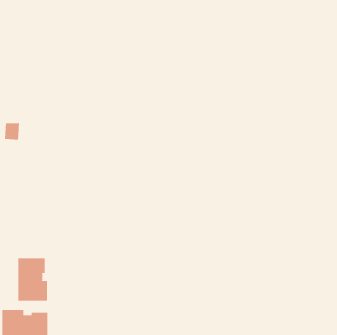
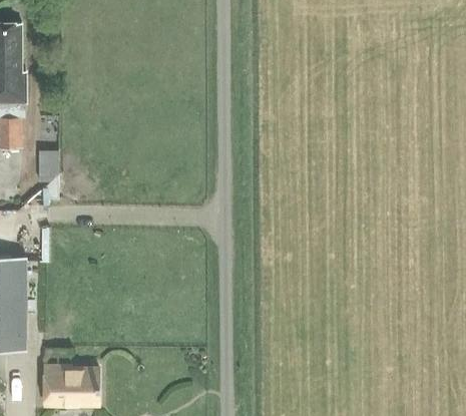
building: [18,257,47,302] -> none

